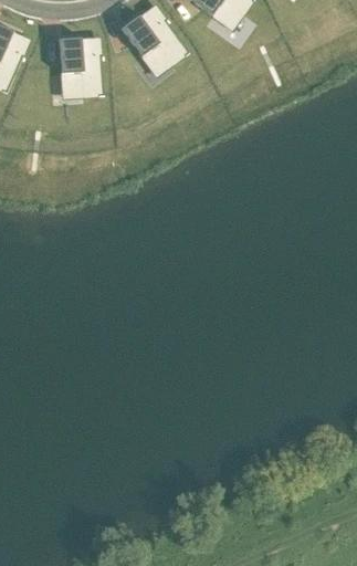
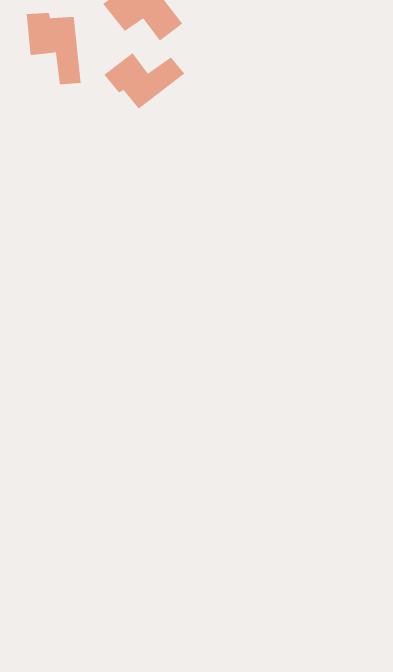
building: none -> [104,52,185,109]

